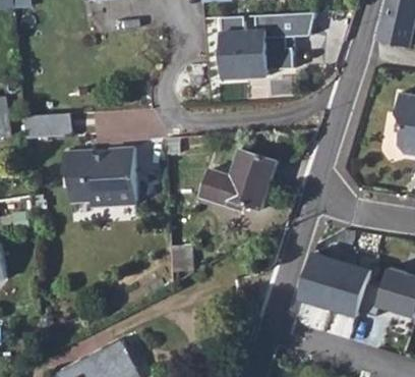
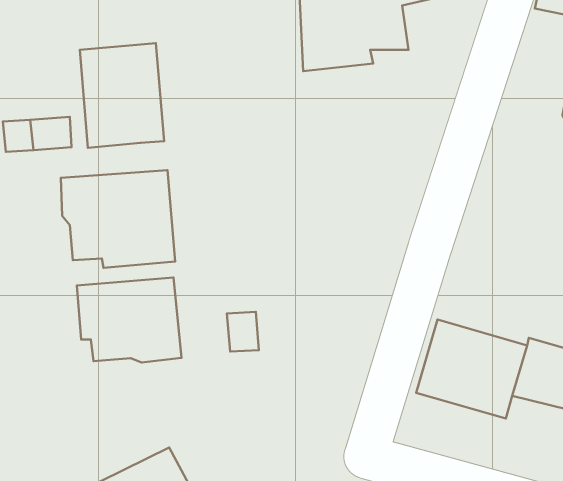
building: none -> [80,43,164,148]
building: [201,150,277,210] -> none
building: none -> [77,277,181,362]

